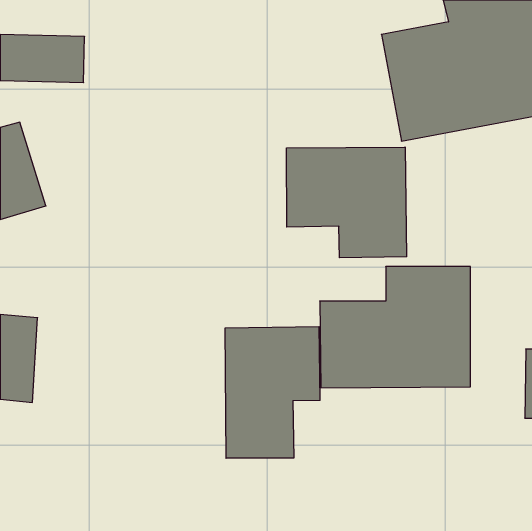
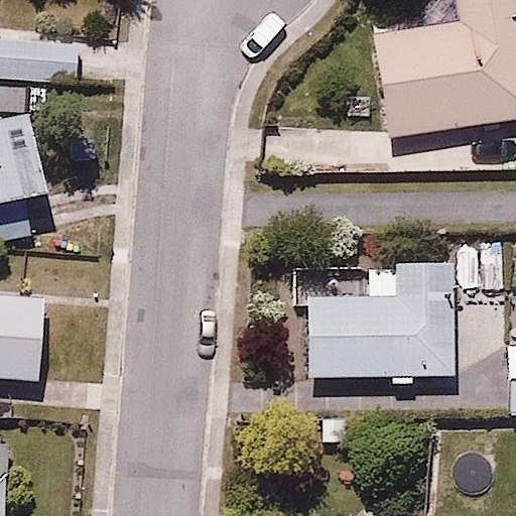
building: [287,147,407,258] -> none
building: [225,327,320,458] -> none

